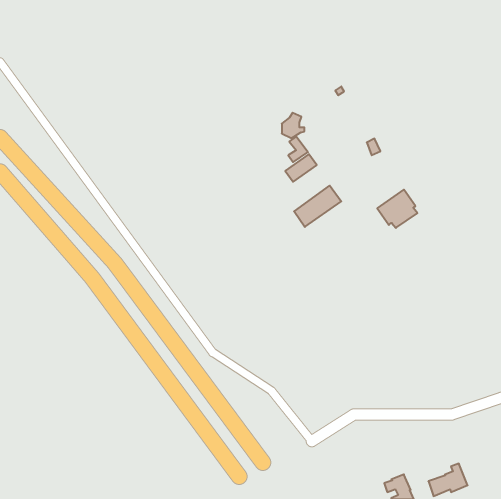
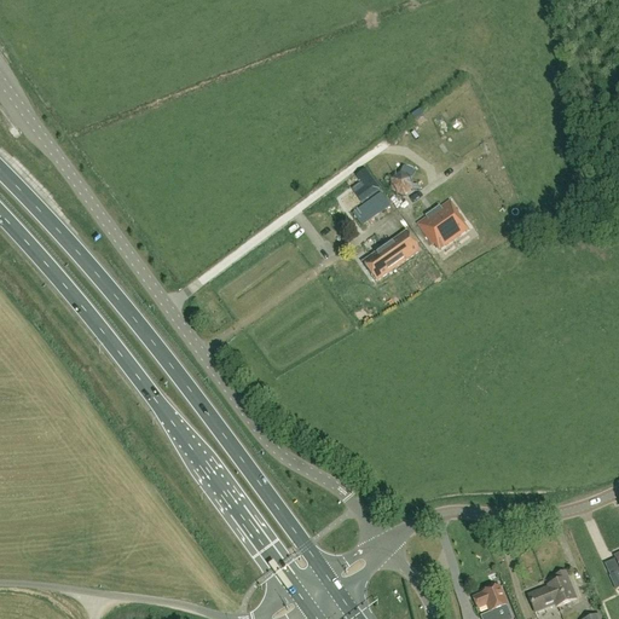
building: [282,113,304,138] -> [391,163,418,195]
building: [377,190,417,228] -> [416,198,465,245]

